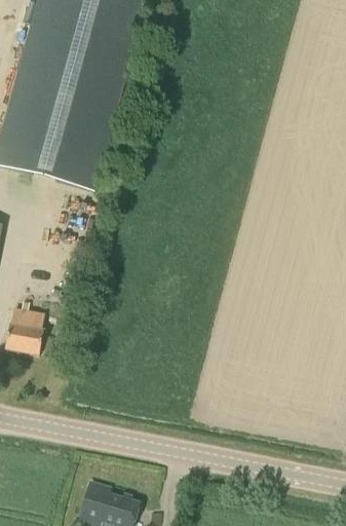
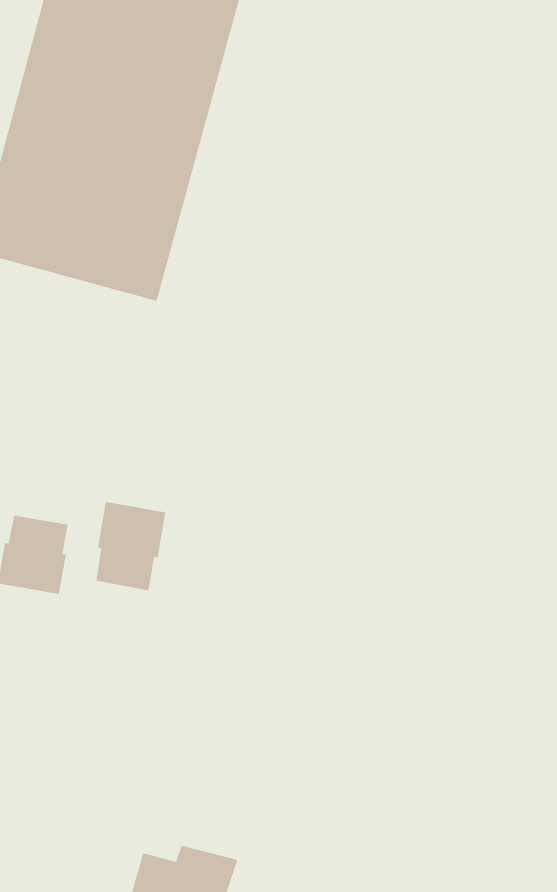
building: none -> [96,501,166,591]

